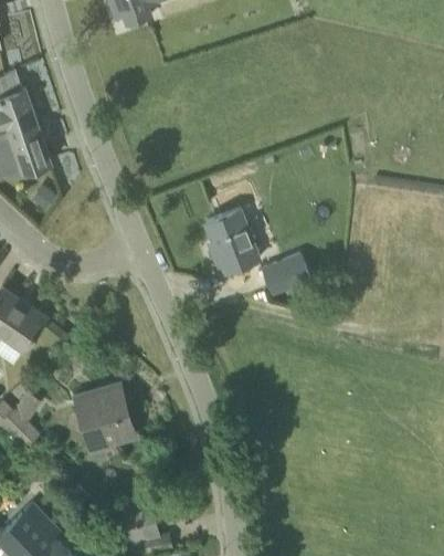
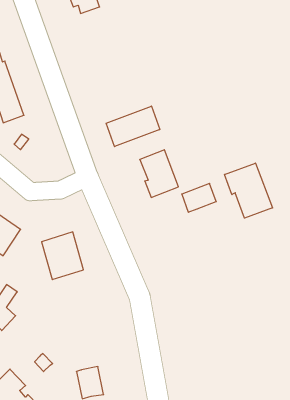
building: none -> [106,106,160,147]
building: none -> [225,163,273,218]
building: [77,385,134,449] -> [42,232,83,280]

